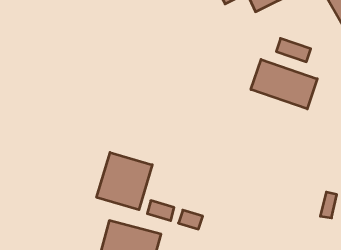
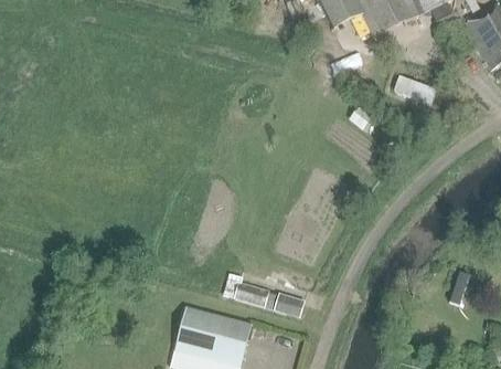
building: [251,59,317,109] -> none
building: [97,152,152,210] -> none

